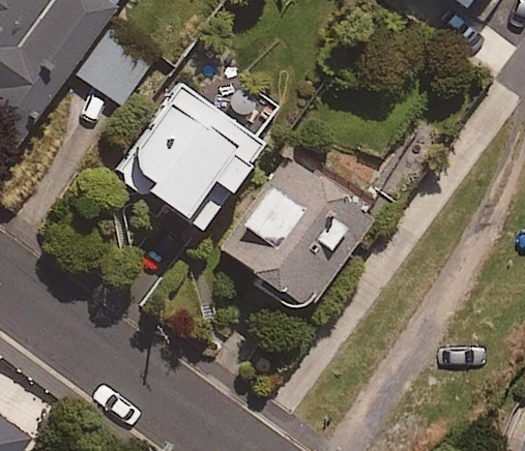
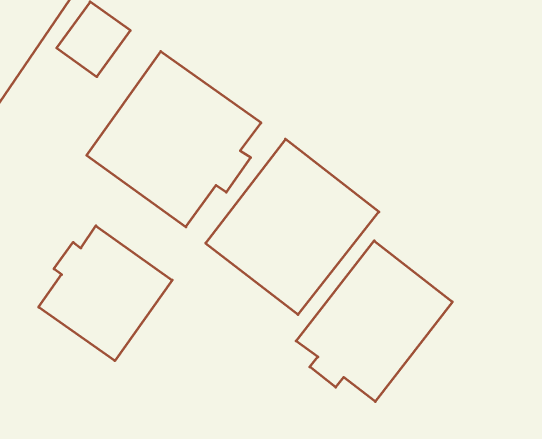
building: none -> [39,226,172,361]
building: none -> [296,241,452,402]

